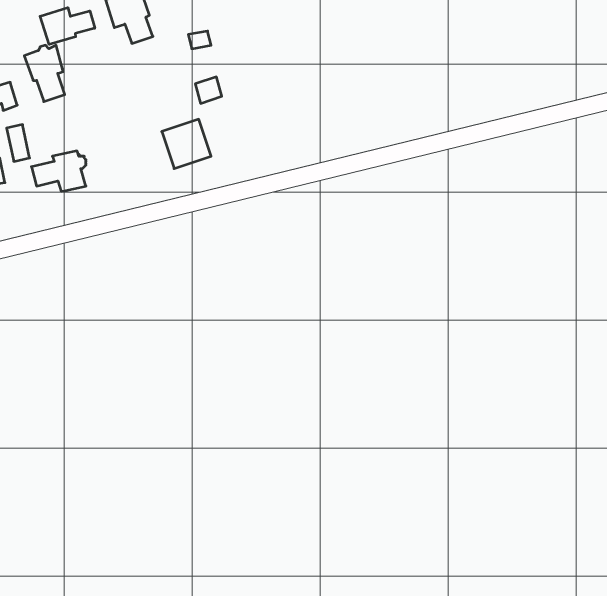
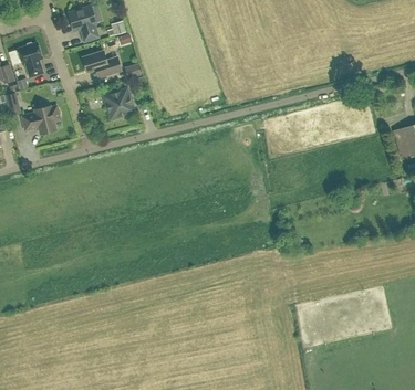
building: [40,8,95,44] -> none
building: none -> [82,51,121,78]

